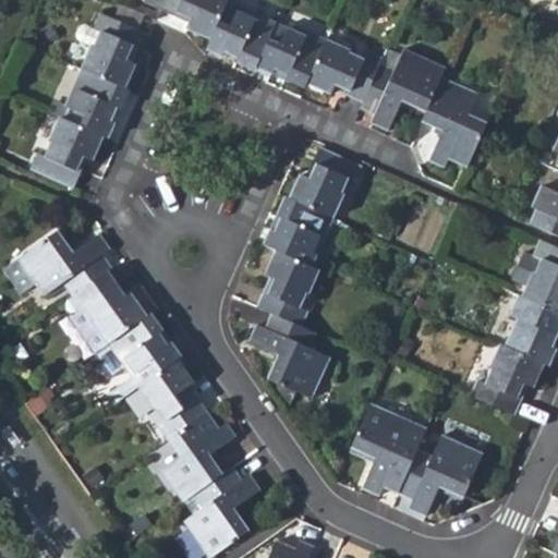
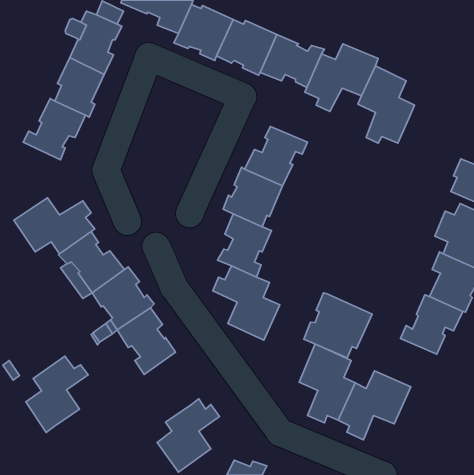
building: none -> [304,293,372,358]
building: [161,413,234,502] -> [26,356,88,433]

